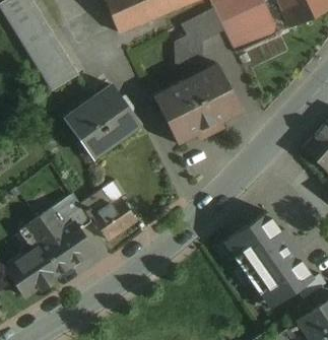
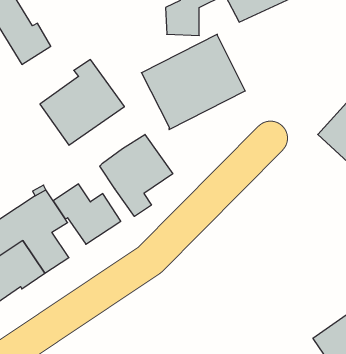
building: none -> [100,134,173,216]
building: [224,212,314,309] -> none

